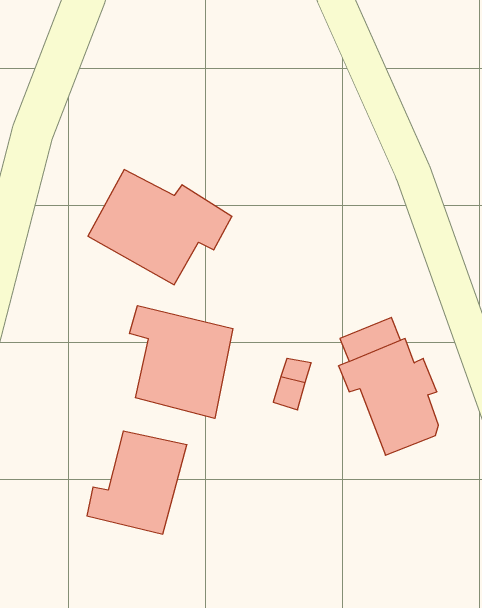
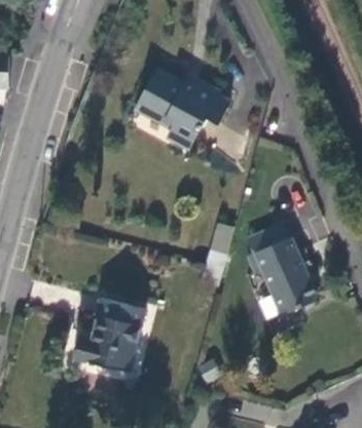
building: [88,170,232,285] -> [131,69,228,147]
building: [130,306,233,418] -> none

